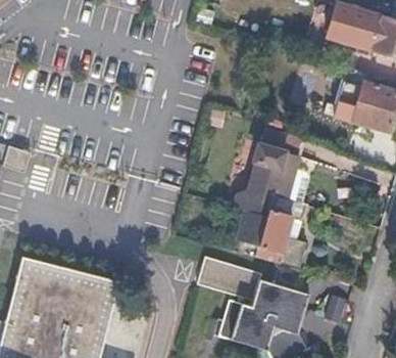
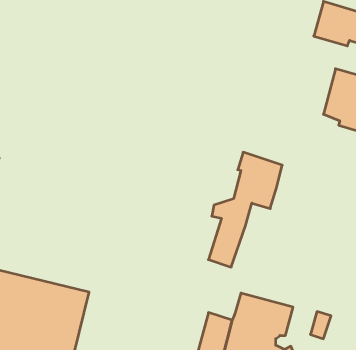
building: [252,195,307,270] -> none
building: [199,257,263,301] -> none

